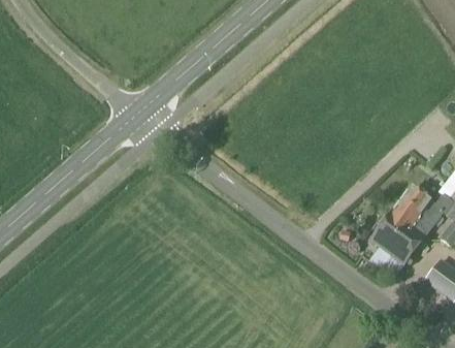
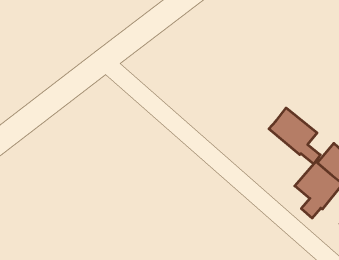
building: none -> [269,108,320,164]

